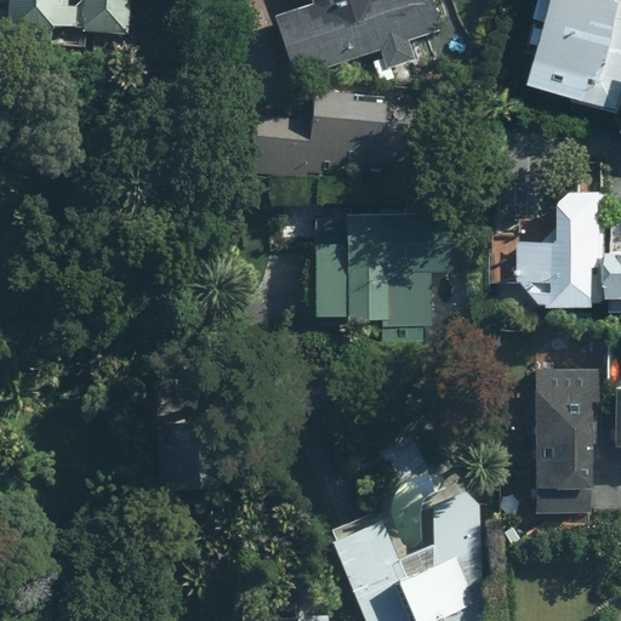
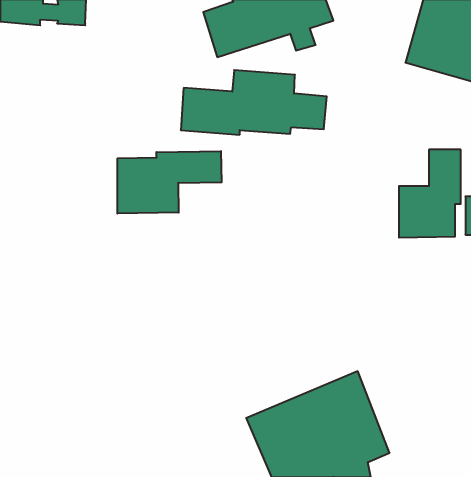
building: none -> [117,151,222,214]
building: [314,213,437,341] -> none
building: [532,370,593,511] -> none

